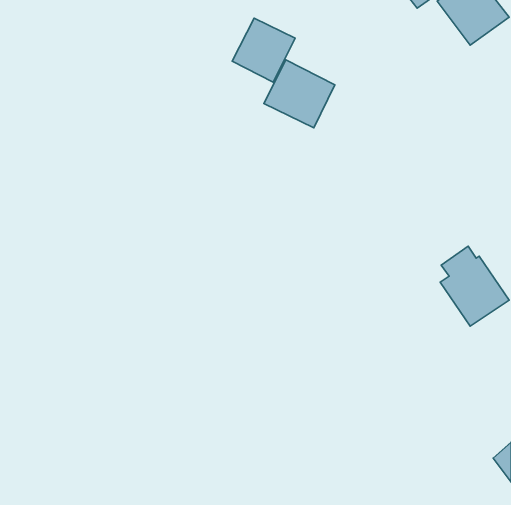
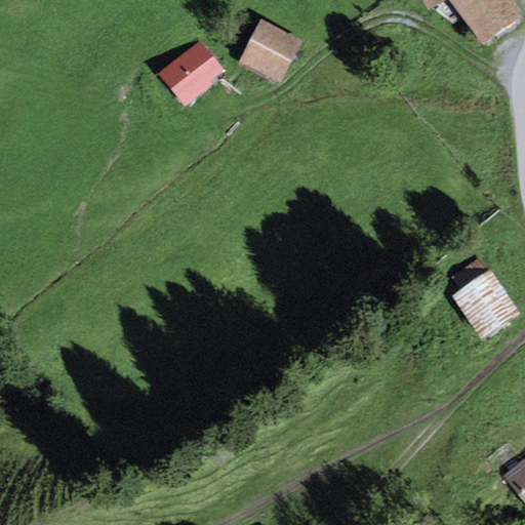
building: none -> [157,37,226,104]
building: [264,60,335,128] -> none

